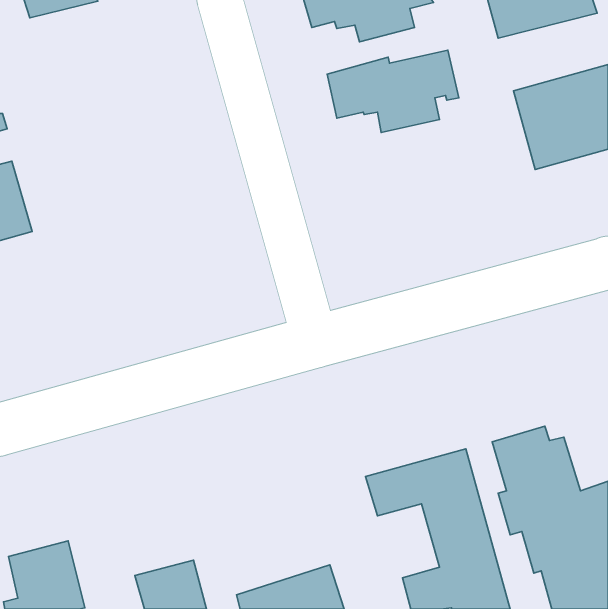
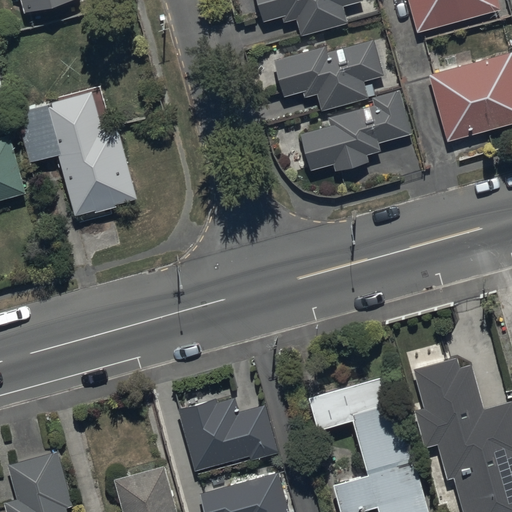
building: none -> [301,91,411,173]
building: none -> [19,94,136,215]
building: none -> [178,400,277,472]

